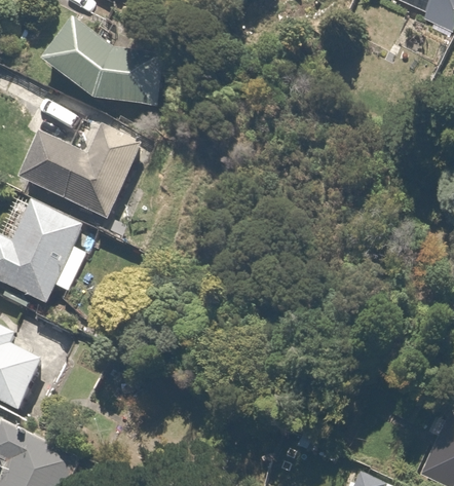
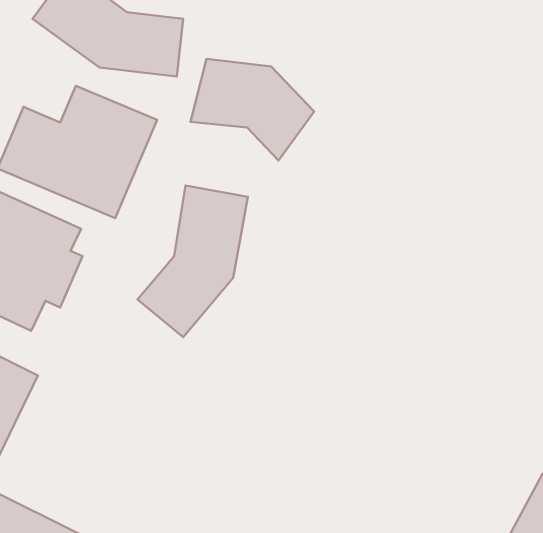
building: none -> [190,59,314,160]
building: none -> [137,185,248,337]

